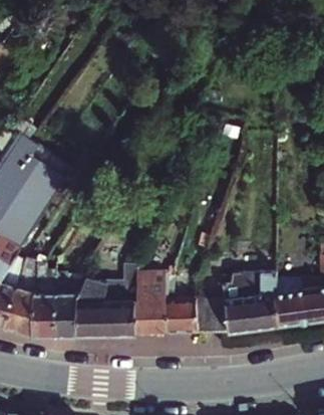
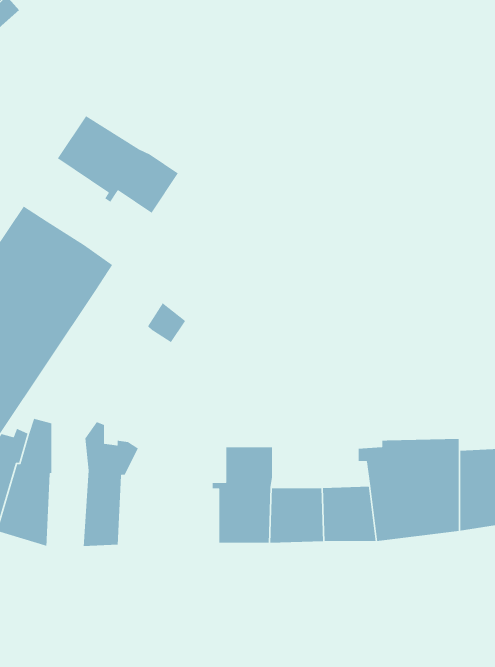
building: none -> [57,115,179,214]
building: [33,253,57,337] -> none
building: [75,272,138,336] -> none

